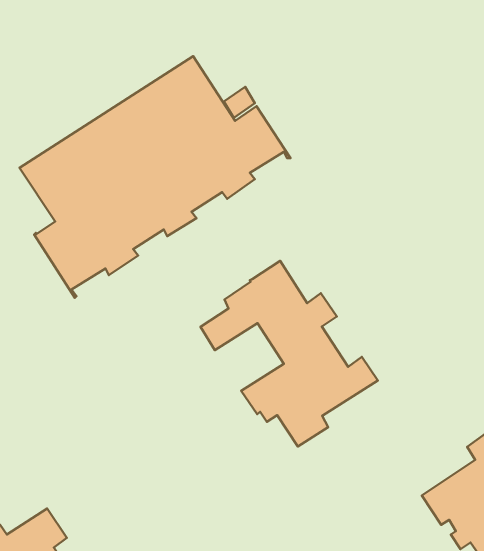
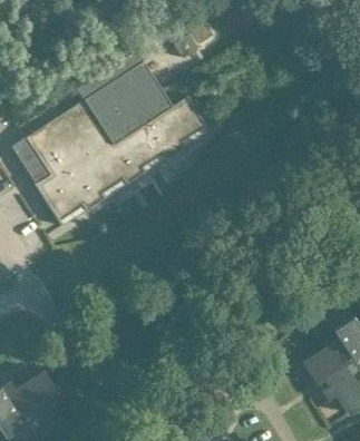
building: [200,261,378,446] -> none

